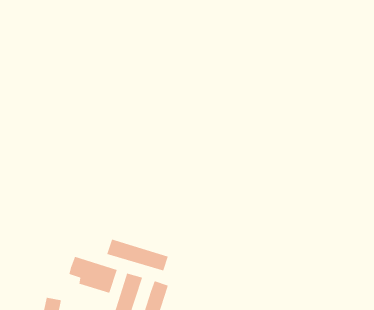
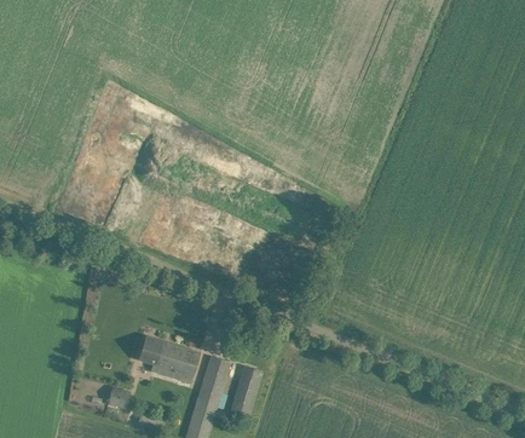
building: [106,238,169,272] -> none

